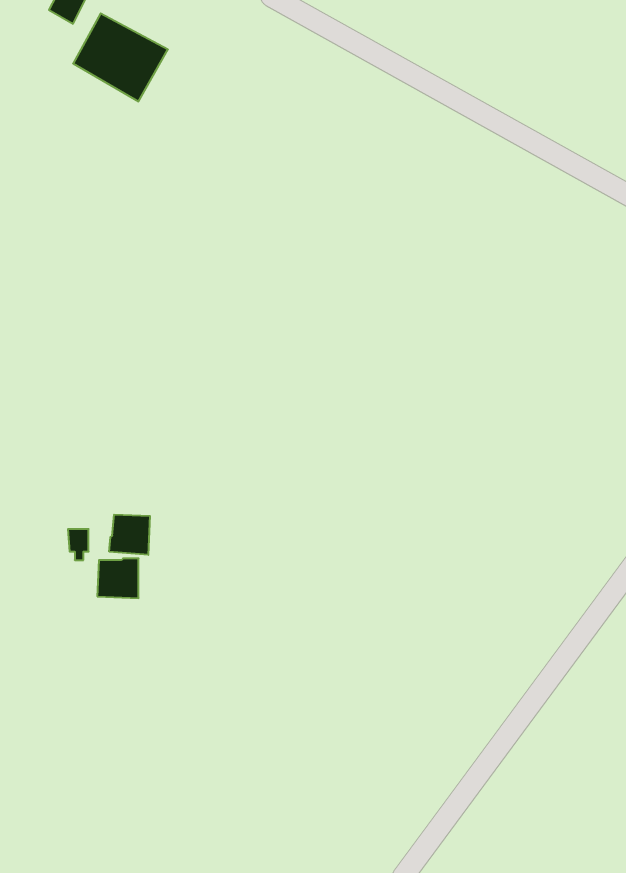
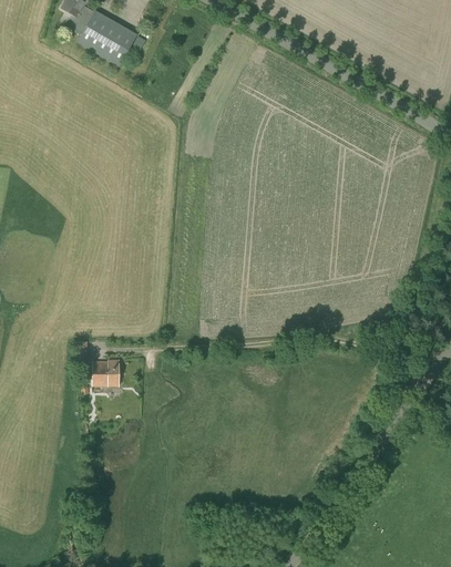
building: [109,515,150,555] -> none

